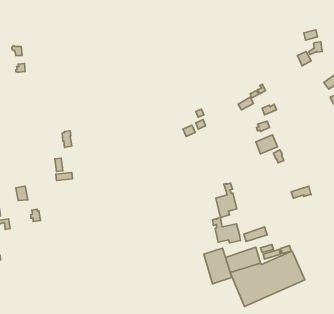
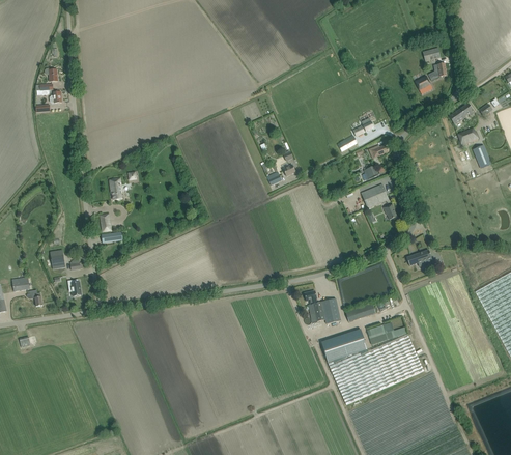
building: [216,183,237,217] -> none
building: [204,248,232,284] -> none

